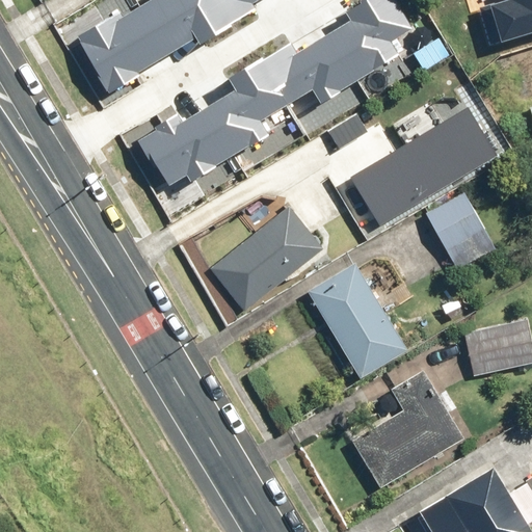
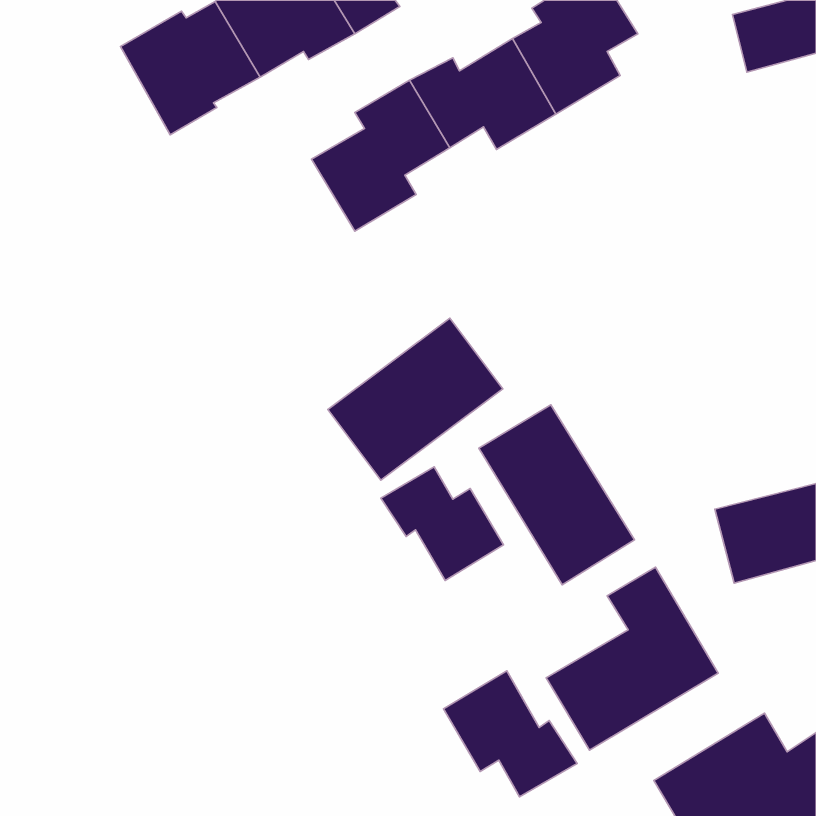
building: [139,106,230,184] -> none
building: [347,111,493,228] -> none
building: [426,191,498,271] -> none
building: none -> [381,467,504,580]
building: none -> [443,671,577,797]

